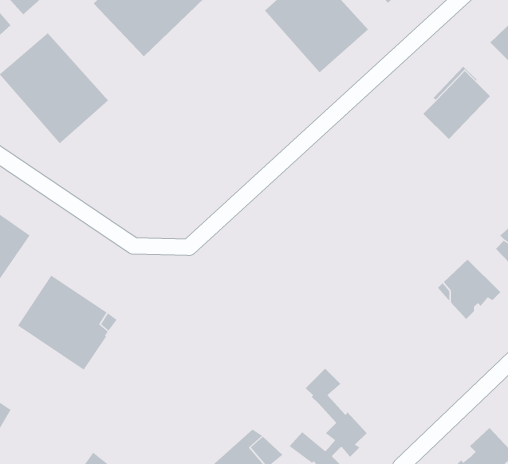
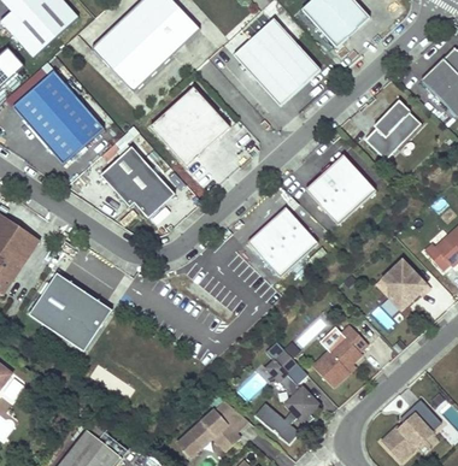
building: none -> [151,88,230,167]
building: none -> [101,147,176,219]
building: none -> [305,154,376,225]
building: none -> [248,207,318,277]
building: none -> [312,325,369,388]

